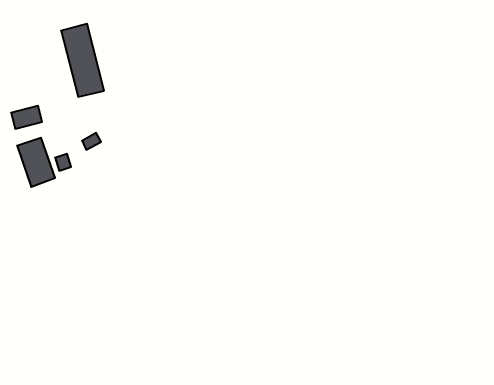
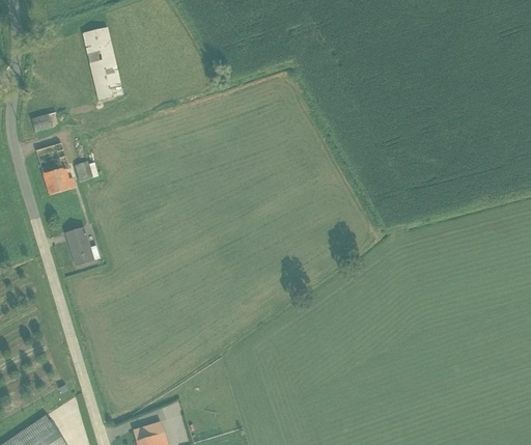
building: none -> [62,226,93,267]

